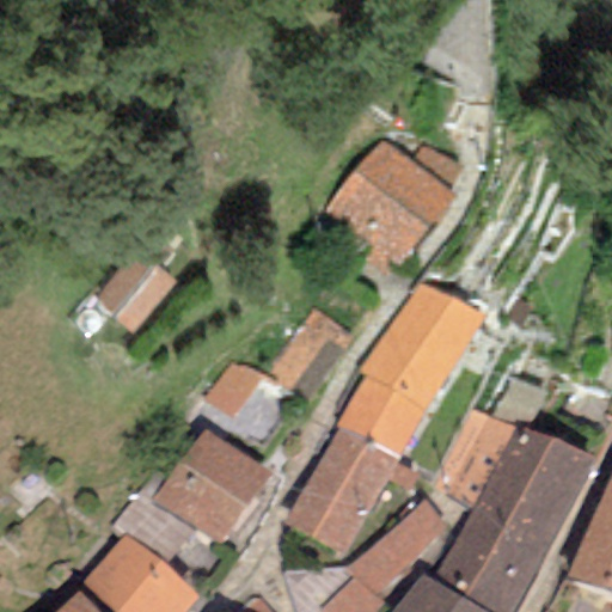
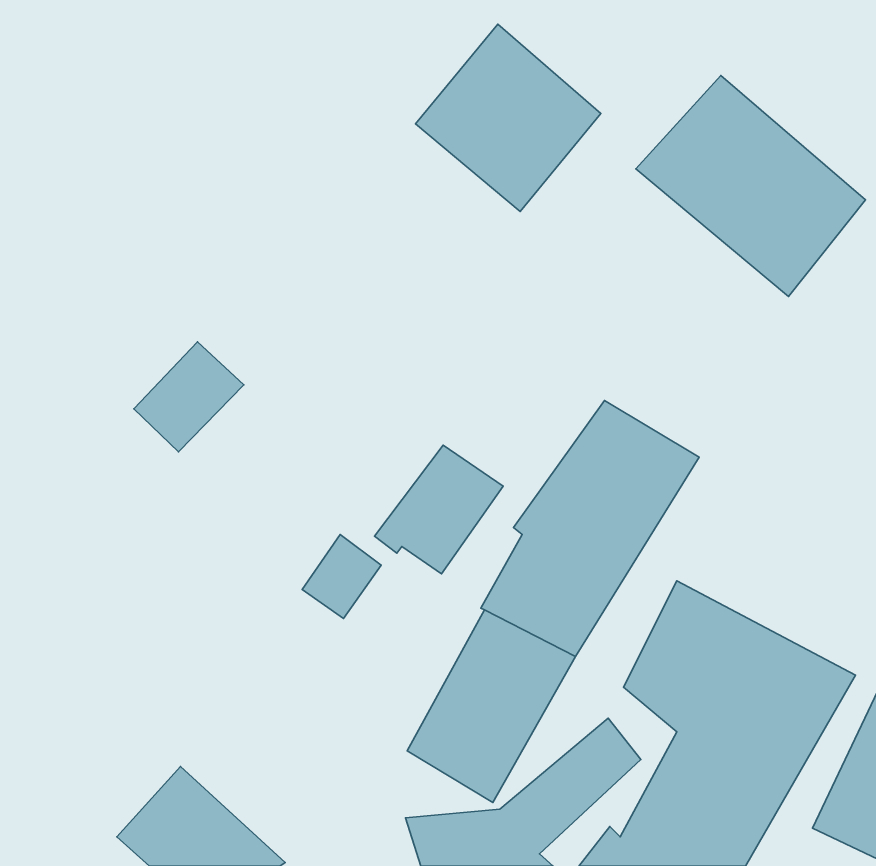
building: none -> [636,76,865,297]
building: [325,137,454,268] -> [415,24,601,211]
building: [155,430,273,549] -> none

